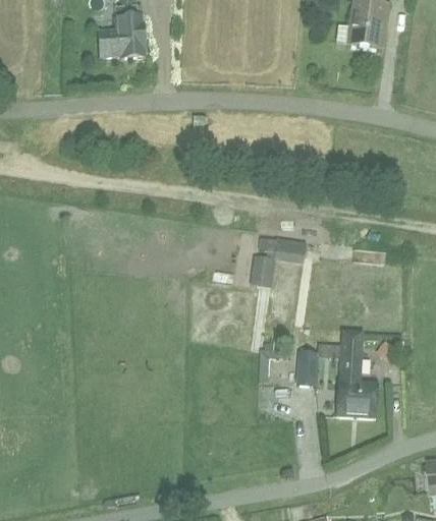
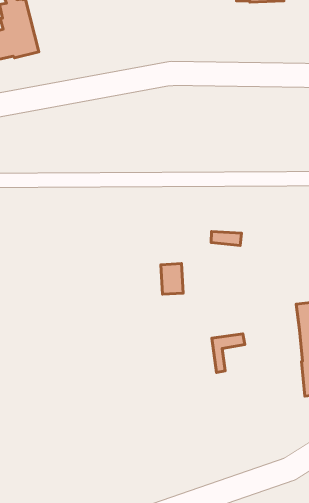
building: [250,257,272,287] -> [161,264,183,294]
building: [296,349,318,384] -> none

